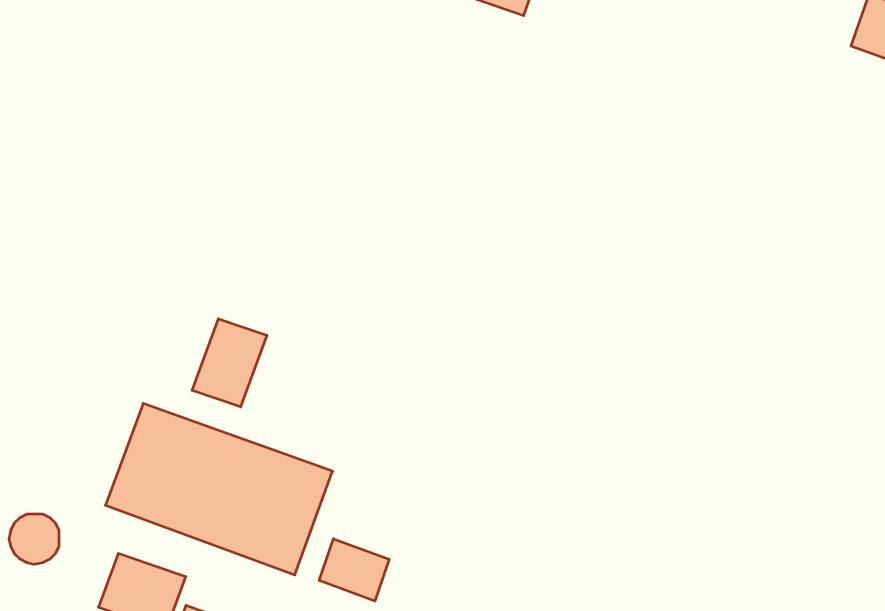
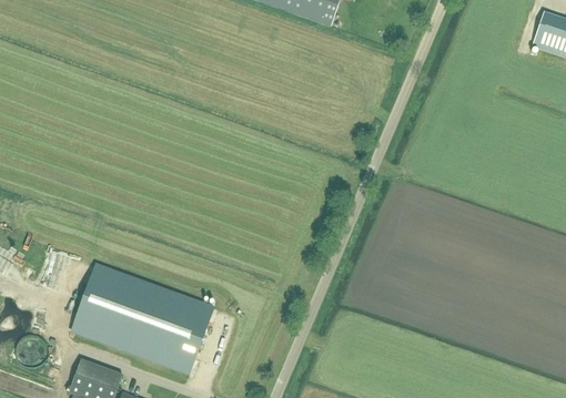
building: [192,319,267,407] -> none
building: [319,539,389,601] -> none

